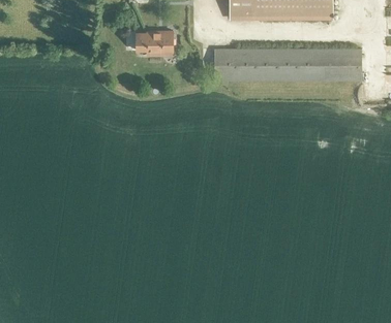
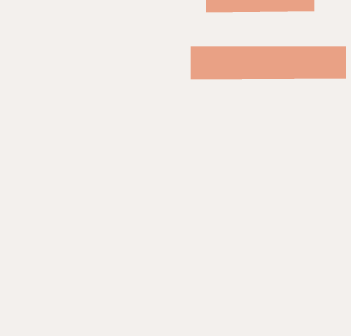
building: [136,31,173,55] -> none

